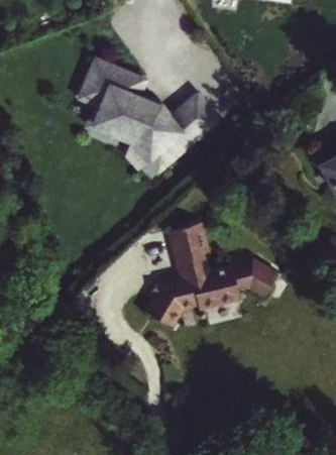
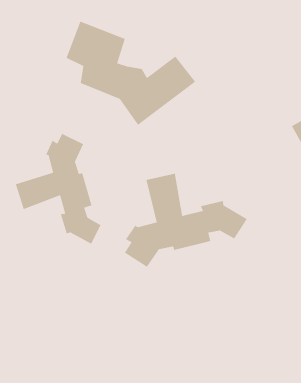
building: none -> [15,133,102,245]

